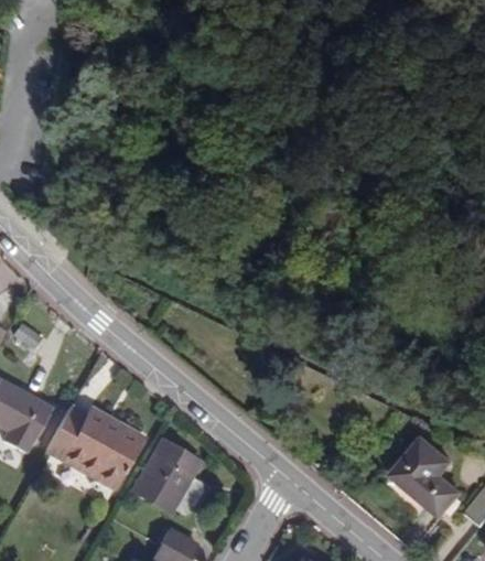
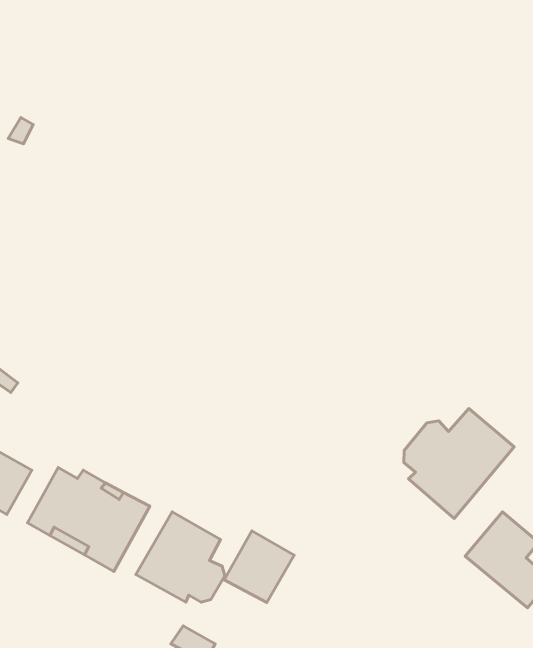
building: none -> [404,409,514,519]
building: none -> [224,531,294,602]

